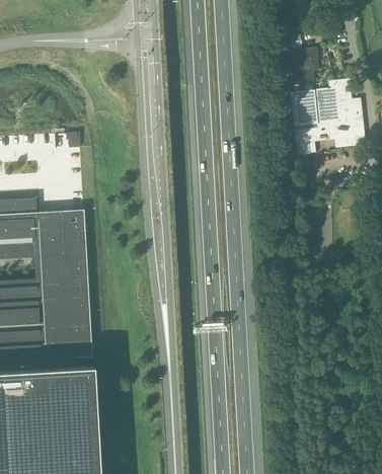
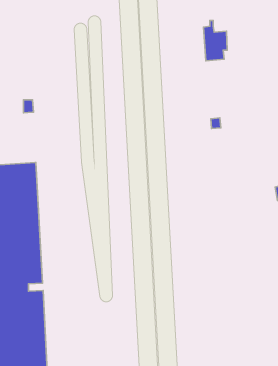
building: [292,78,366,152] -> none

